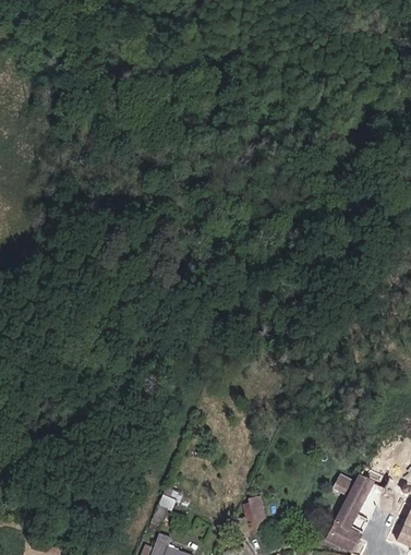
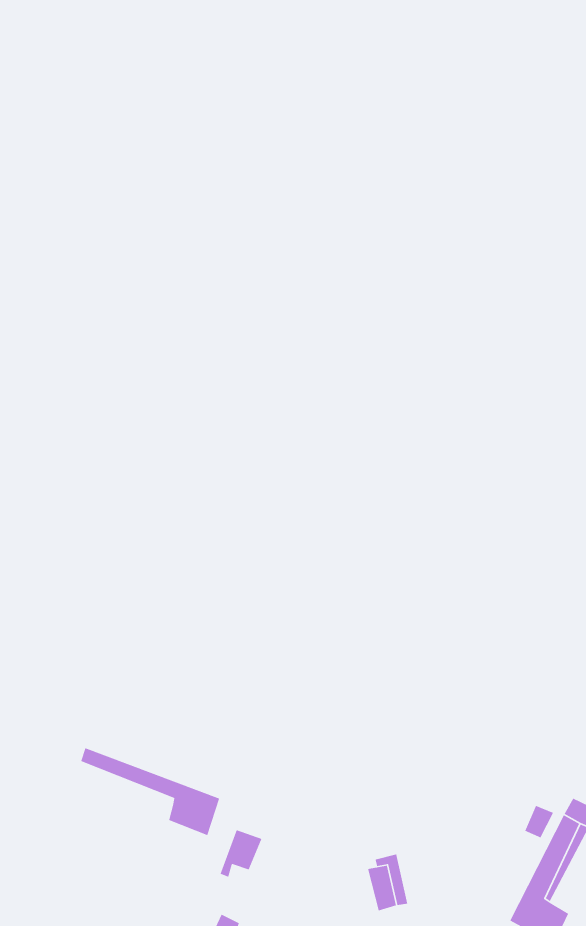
building: none -> [80,747,220,836]

